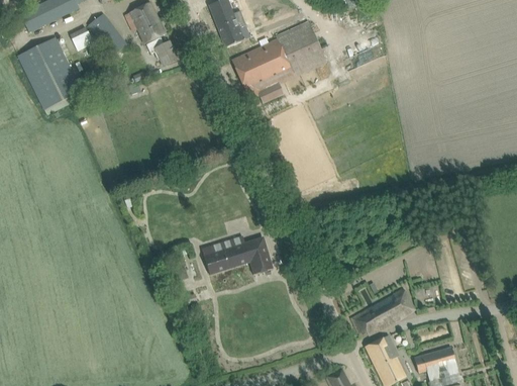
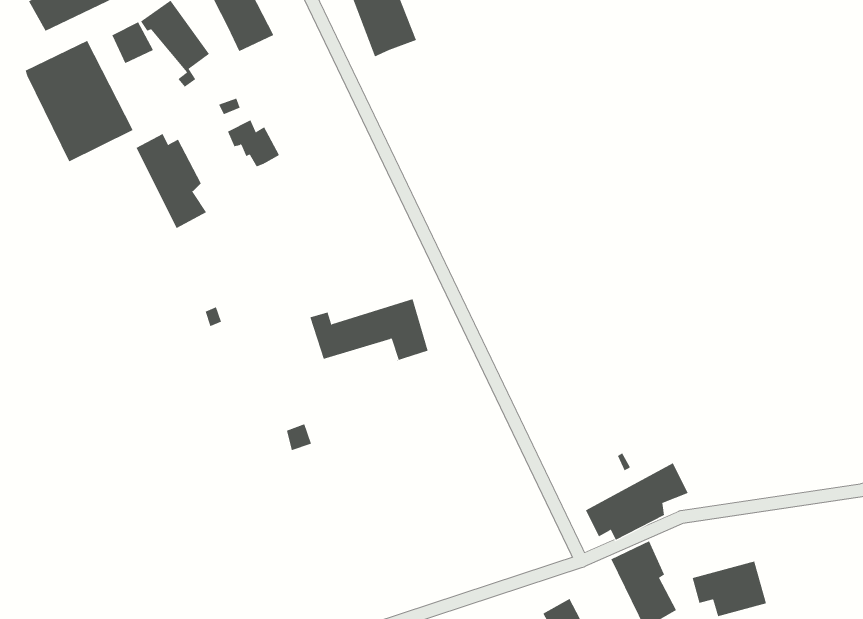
building: [231,20,327,102] -> none
building: [146,36,178,65] -> [227,120,280,167]
building: none -> [136,133,207,229]
building: [201,236,272,274] -> [310,298,428,361]

